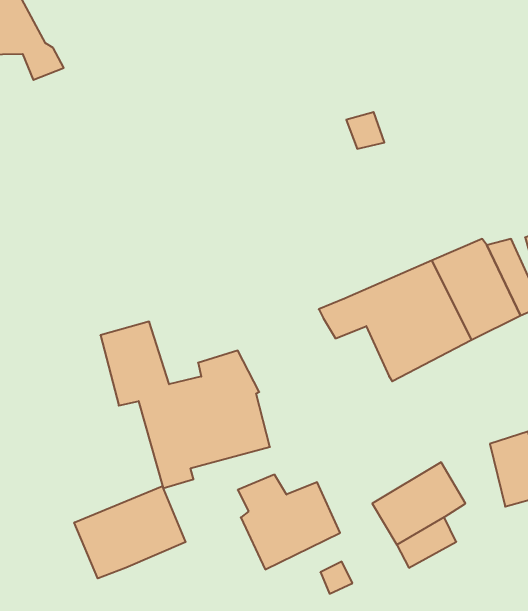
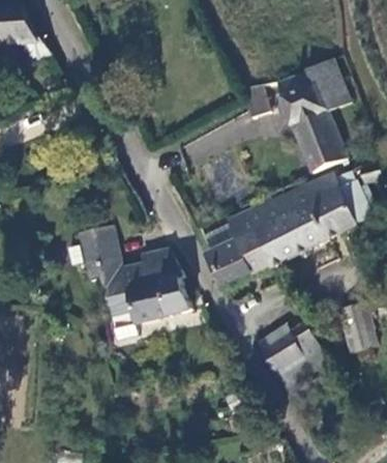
building: none -> [277,58,351,172]
building: [238,475,340,569] -> [202,224,271,288]
building: [74,486,186,578] -> none

